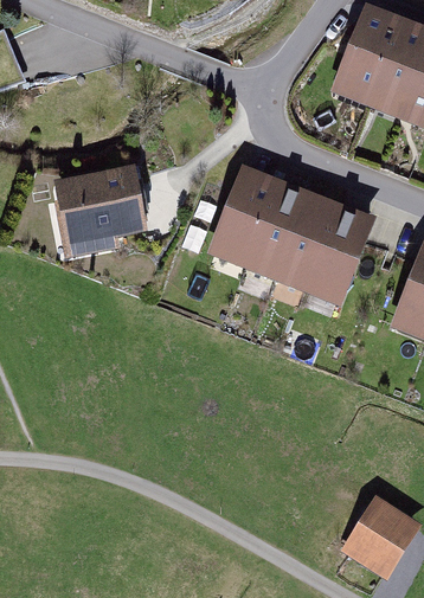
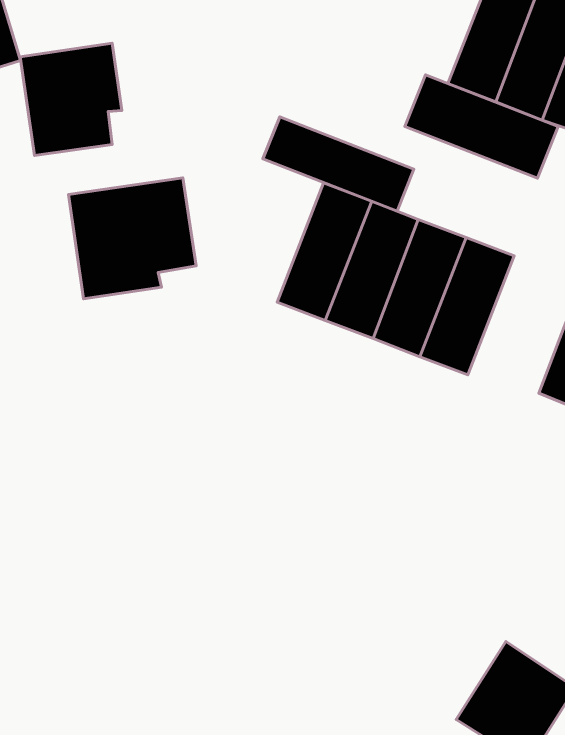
building: none -> [20,43,122,155]
building: none -> [405,75,558,178]
building: none -> [263,117,414,211]

